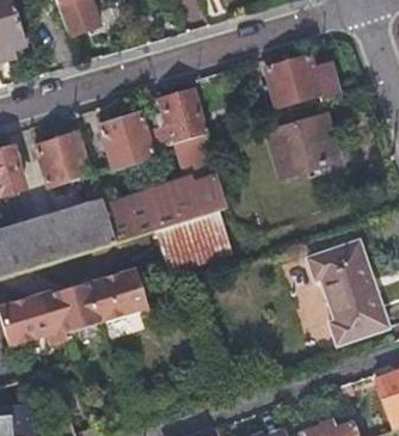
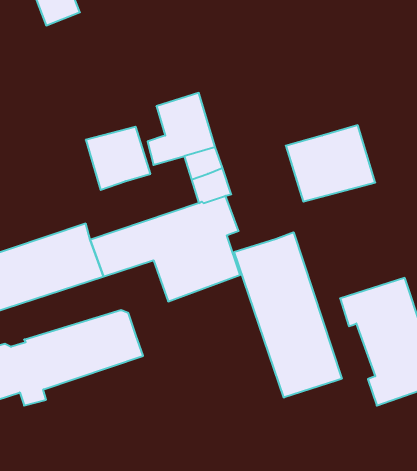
building: [264,53,342,105] -> none
building: [37,129,88,180] -> none
building: none -> [234,232,342,398]

